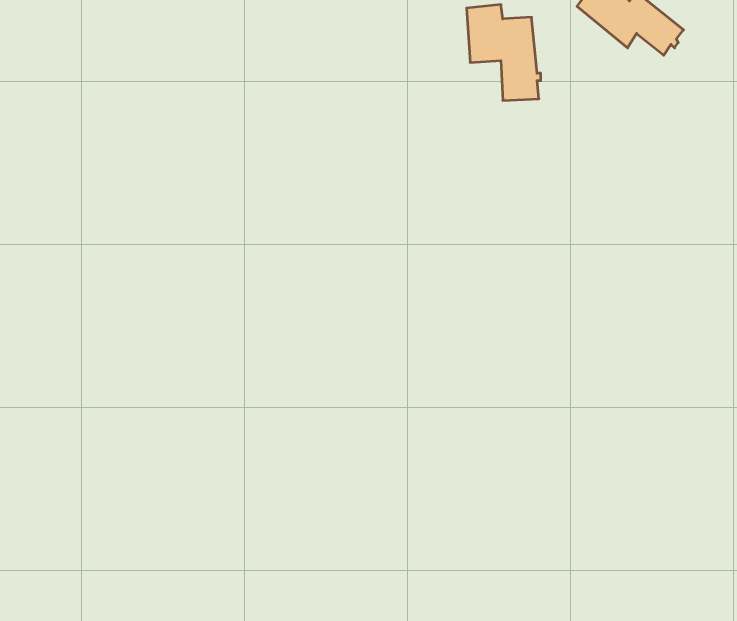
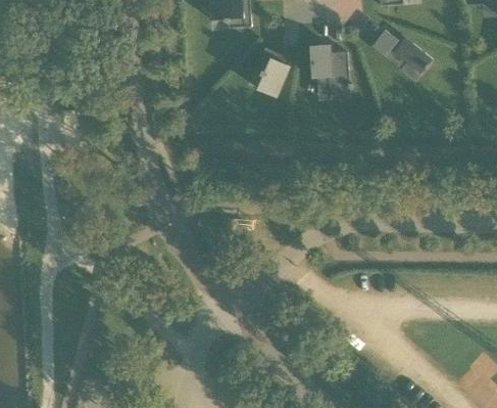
building: none -> [256,47,289,96]

